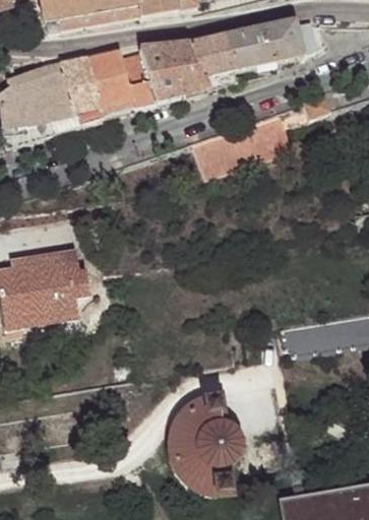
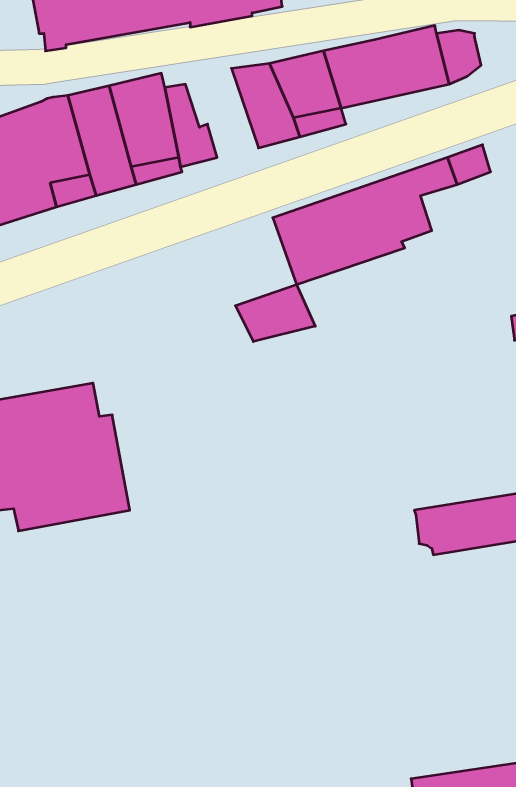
building: [134,46,181,103] -> none
building: none -> [235,285,315,342]
building: [173,396,239,492] -> none

